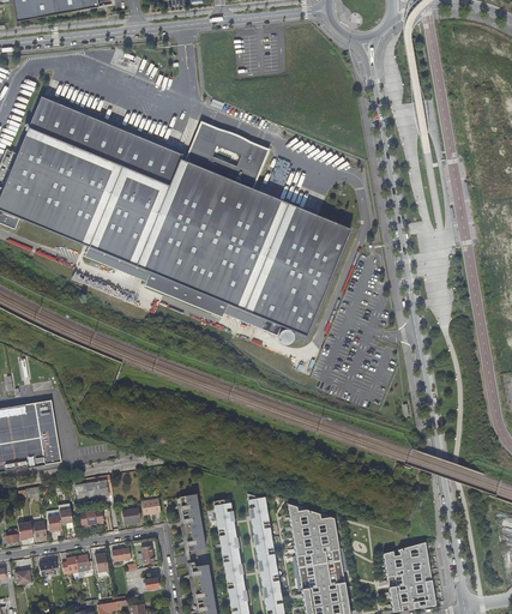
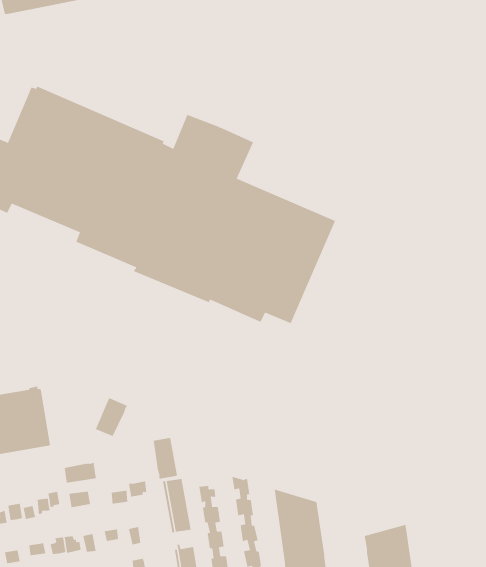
building: none -> [95,398,128,437]
building: none -> [153,437,178,480]

